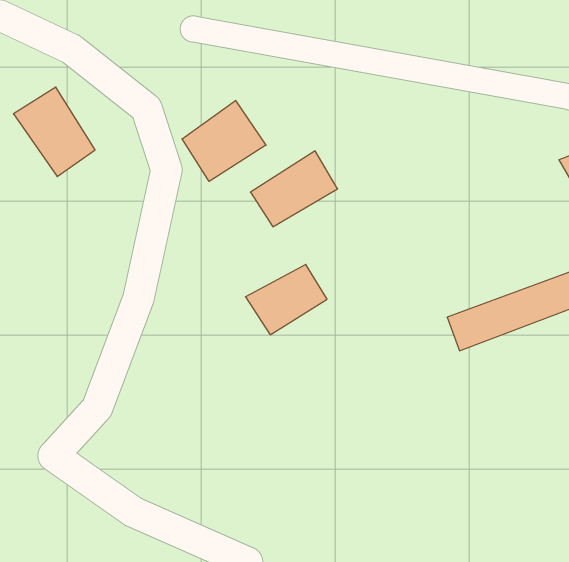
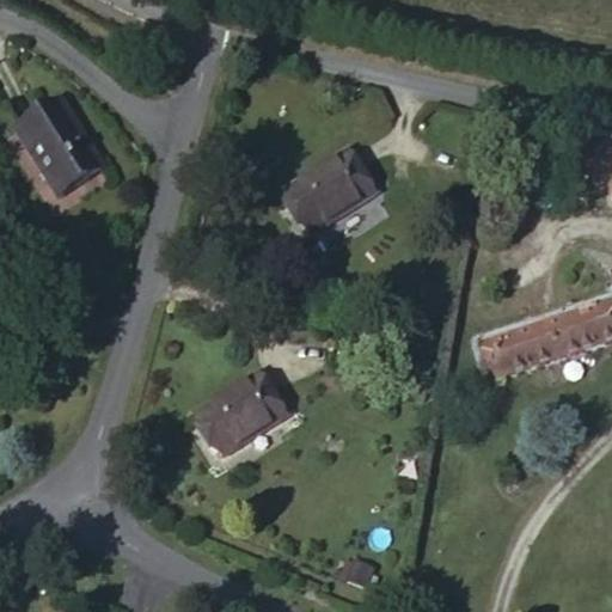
building: [182,100,266,181] -> none
building: [245,264,327,335] -> [189,384,276,459]

